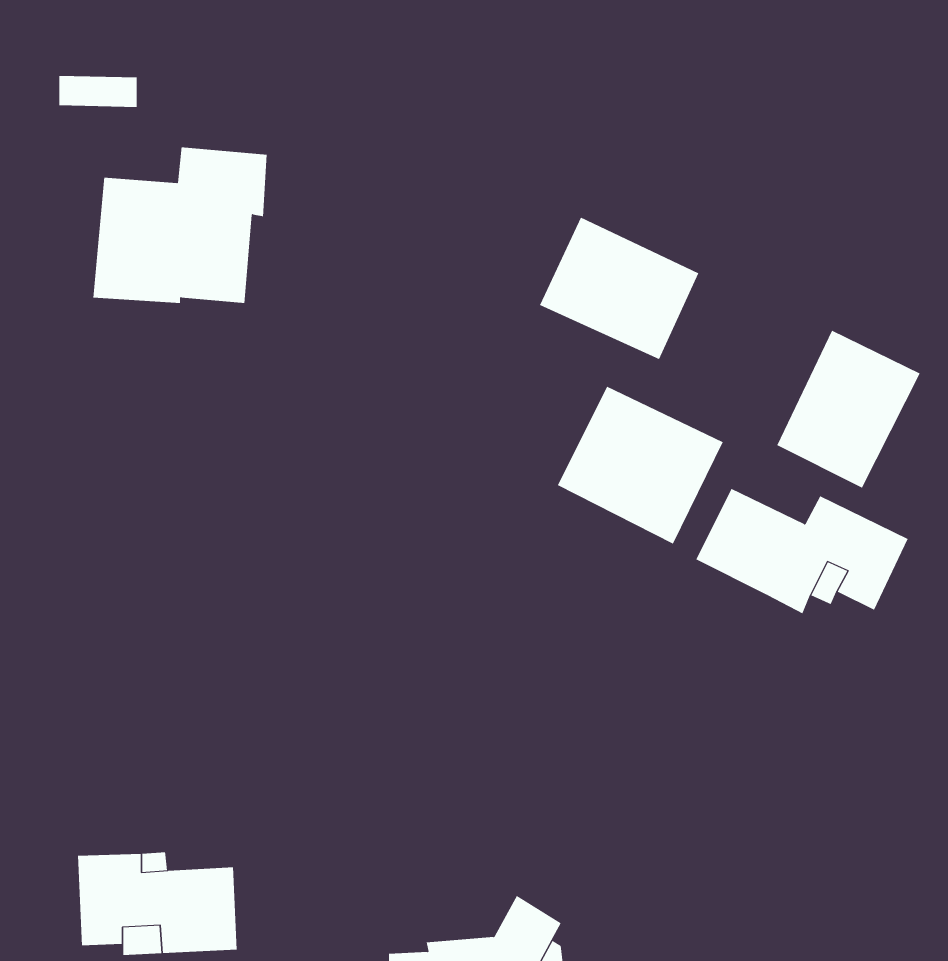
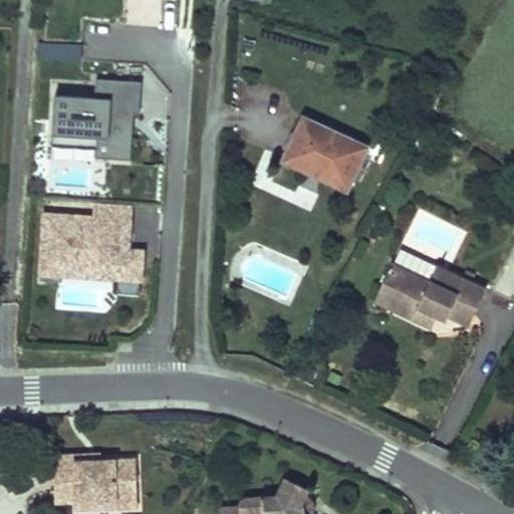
building: [776,330,920,488] -> none
building: none -> [38,204,140,282]
building: [557,386,723,545] -> none

